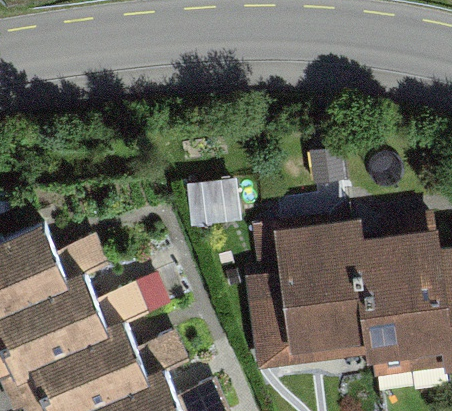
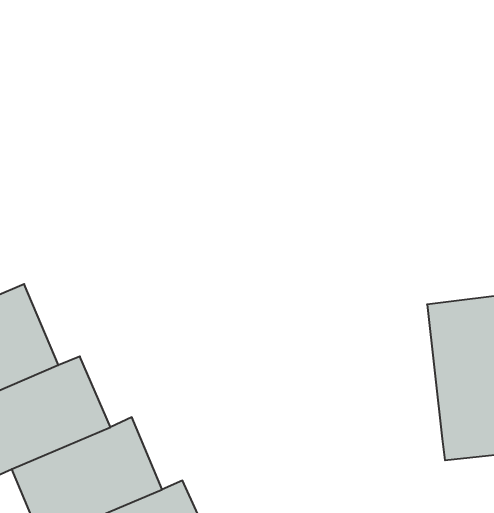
building: [275,224,370,358] -> none

